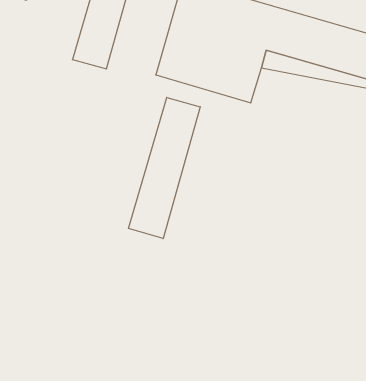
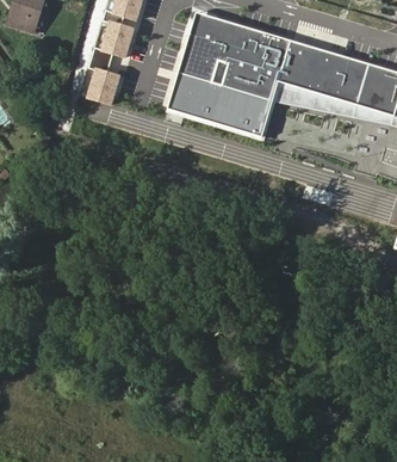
building: [129,97,200,239] -> none

